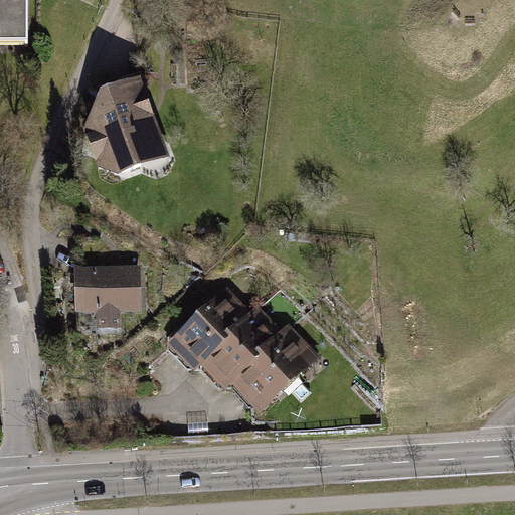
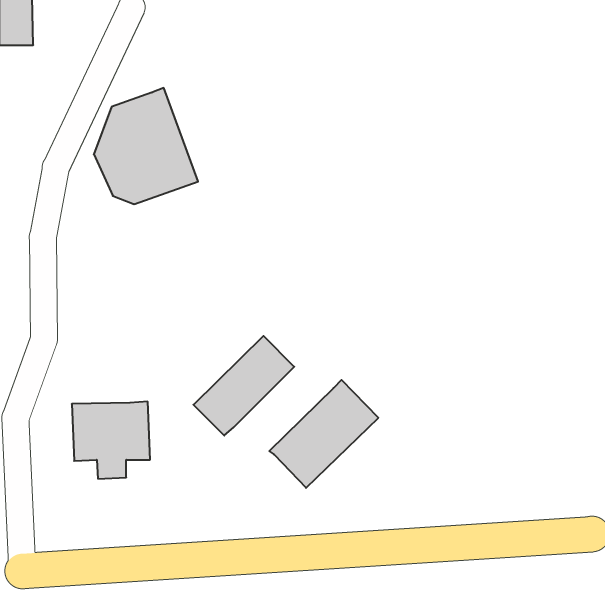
building: [72,263,139,328] -> [72,402,150,479]
building: [198,304,283,387] -> none

